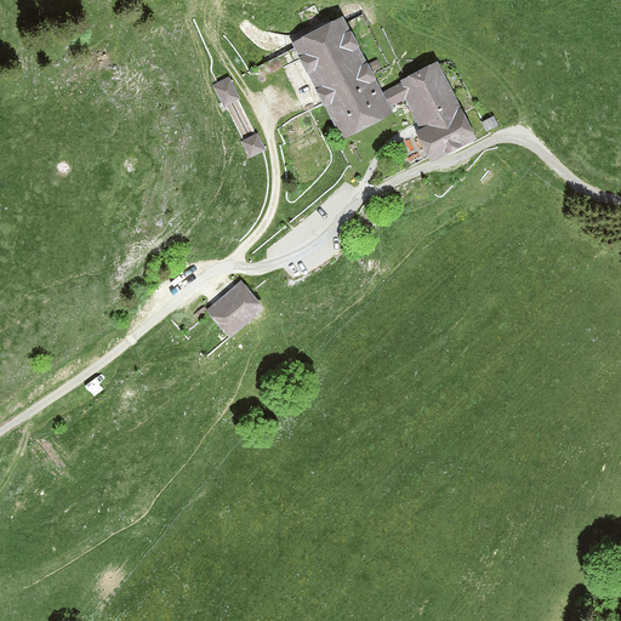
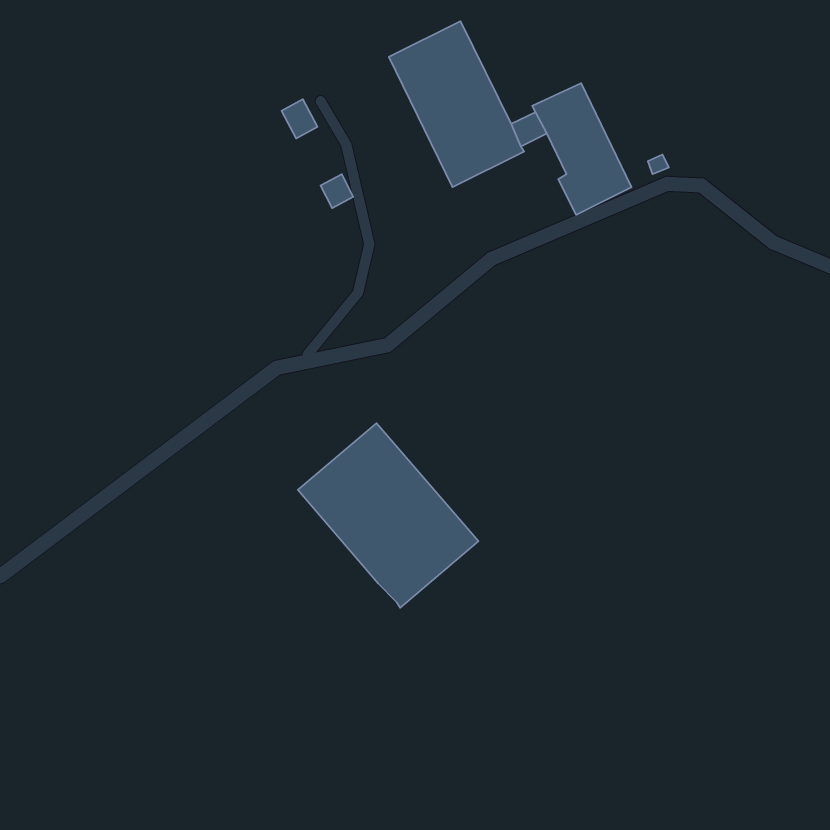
building: [209,275,264,330] -> none
building: none -> [298,423,479,608]

